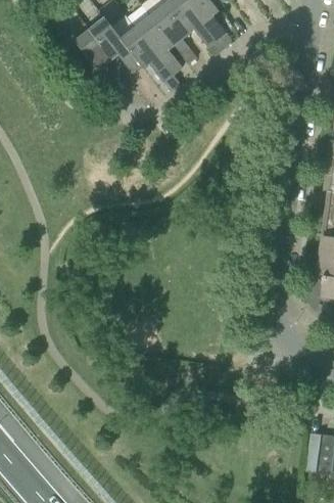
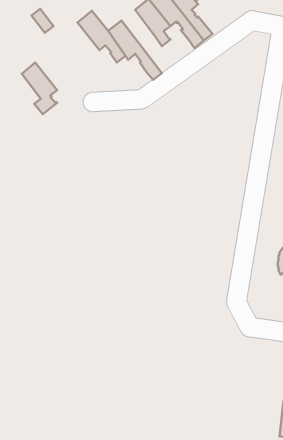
building: [137,15,182,74] -> none
building: [76,29,113,84] -> [22,62,57,114]

